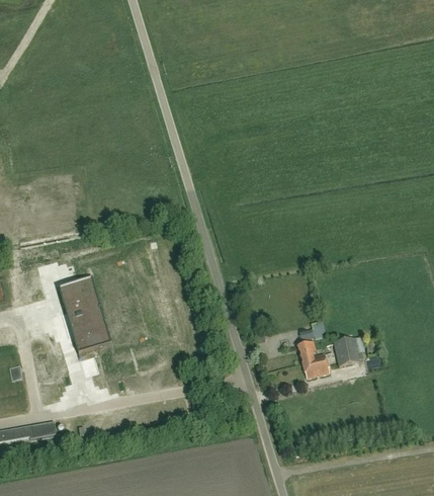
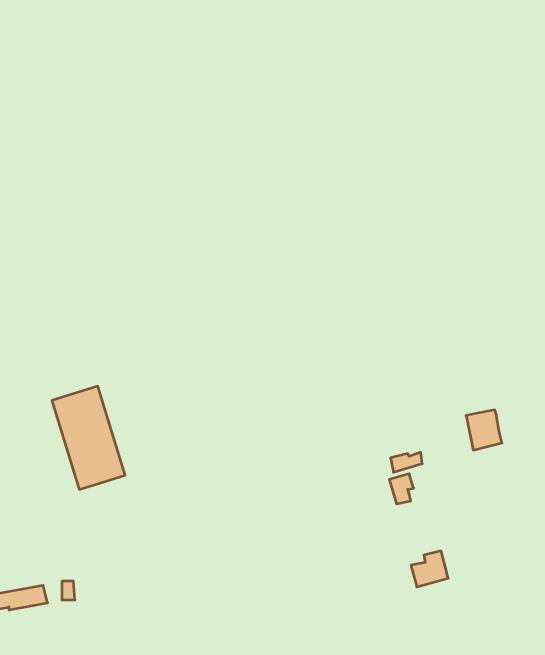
building: [334,337,359,365] -> [466,410,502,450]
building: [302,352,329,378] -> [411,551,448,587]

